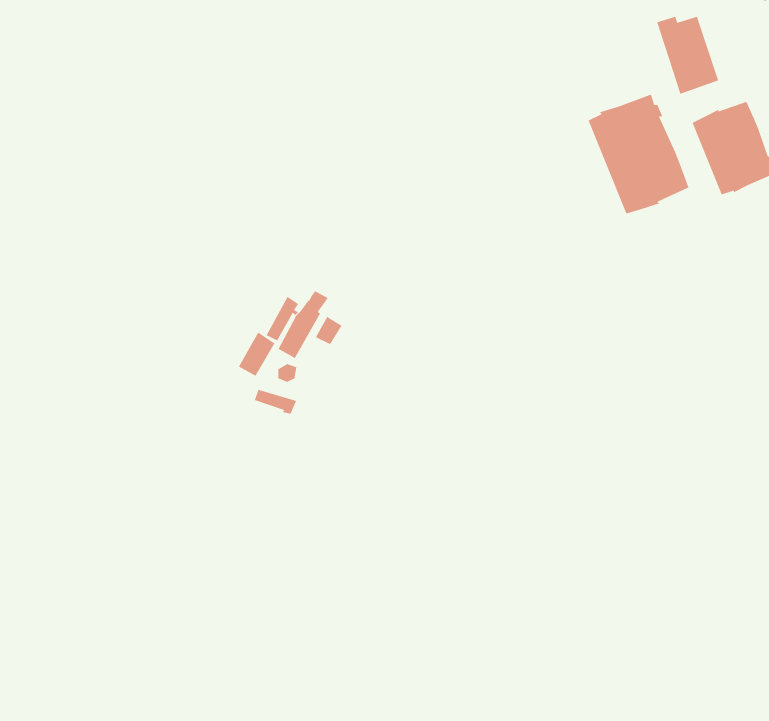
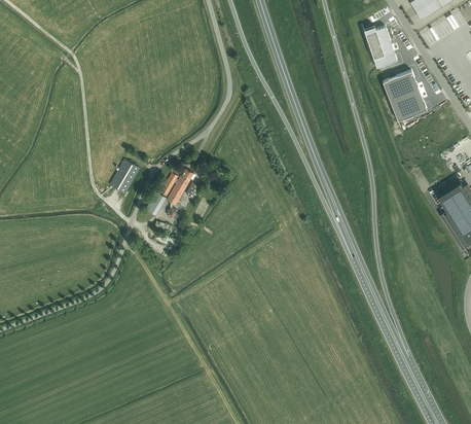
building: [588,93,690,215] -> none
building: none -> [109,160,140,195]

